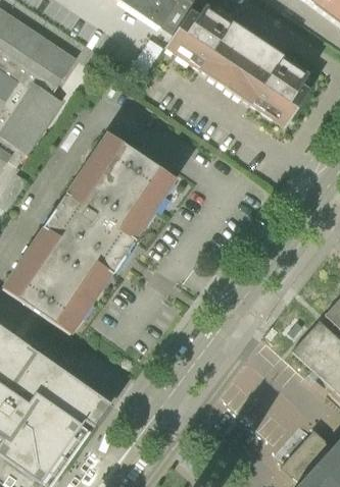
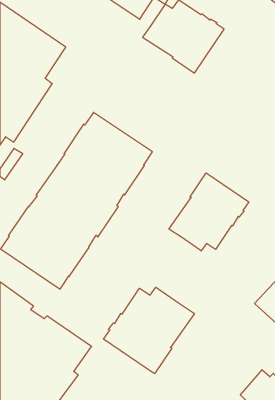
building: [223,39,308,128] -> none
building: none -> [169,173,249,251]
building: none -> [104,287,194,374]

